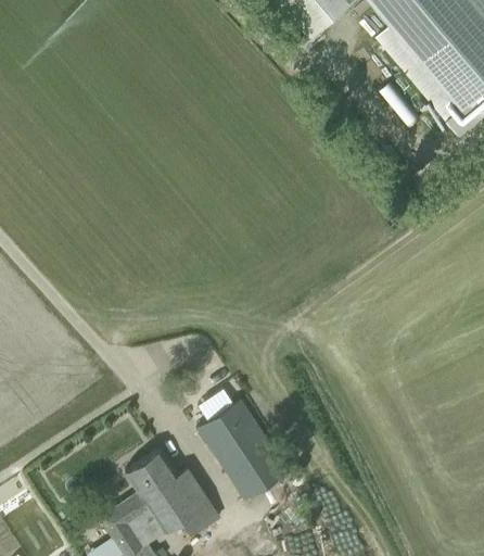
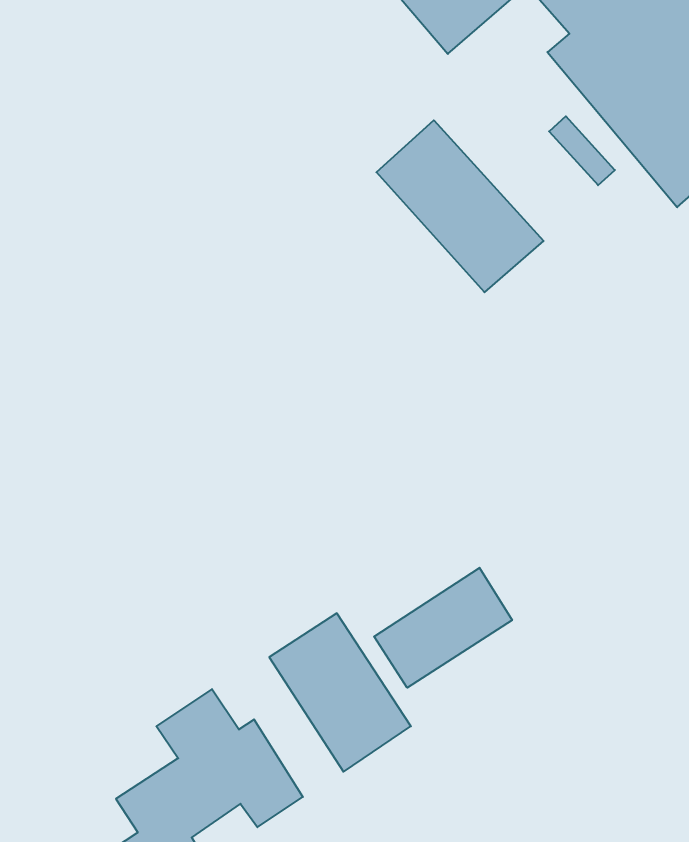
building: none -> [376,120,544,292]
building: none -> [374,568,512,688]

